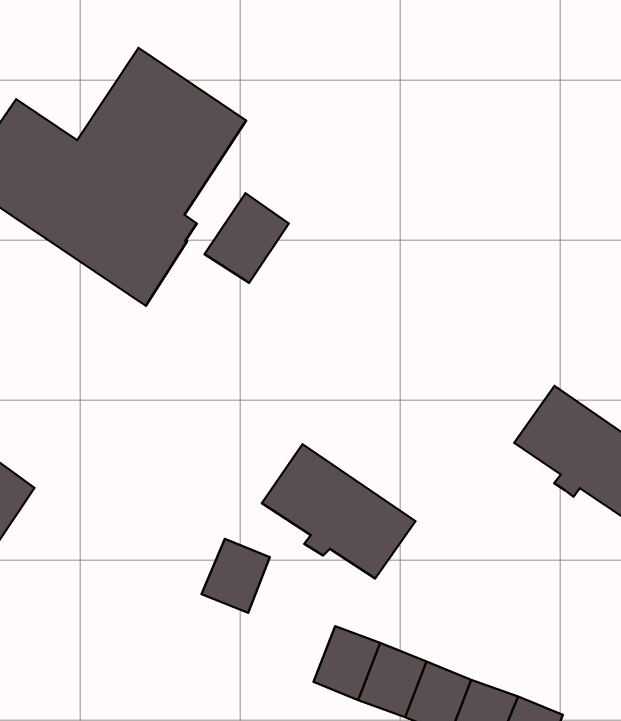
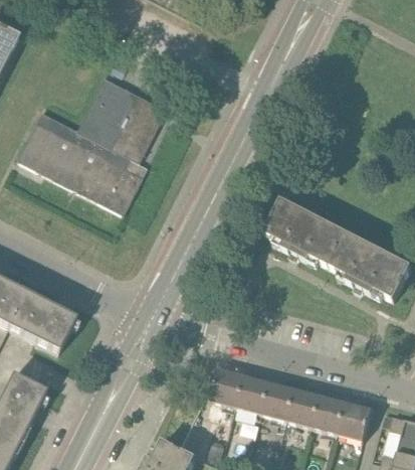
building: [204,193,289,283] -> none
building: [262,444,415,578] -> [263,197,347,265]
building: [202,539,270,613] -> [210,367,244,406]

